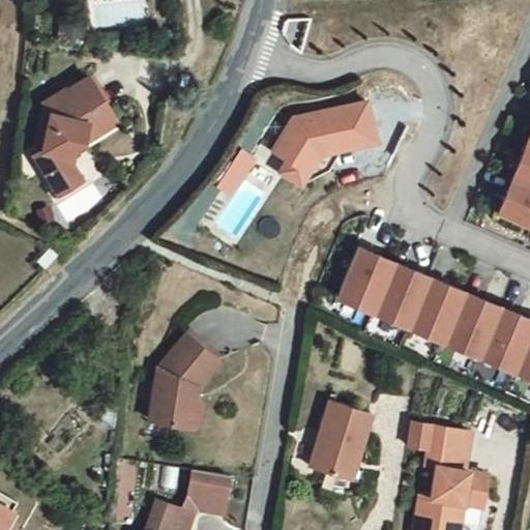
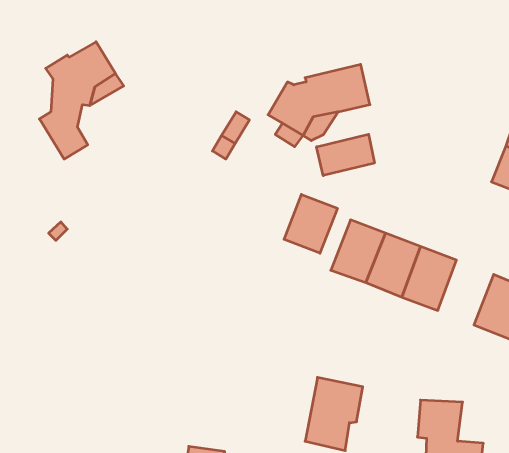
building: none -> [317,134,374,176]
building: none -> [284,194,337,253]
building: [443,293,499,358] -> none
building: [157,329,222,418] -> none

